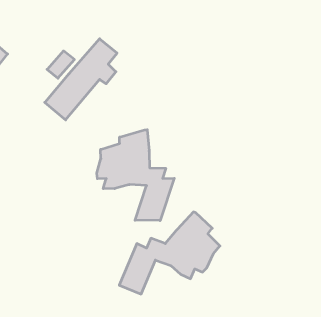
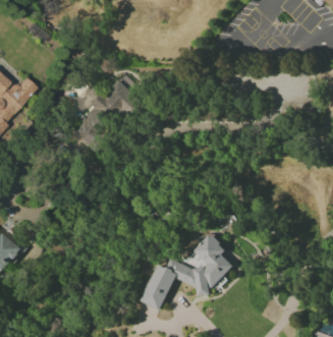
building: [97,130,174,221] -> none

